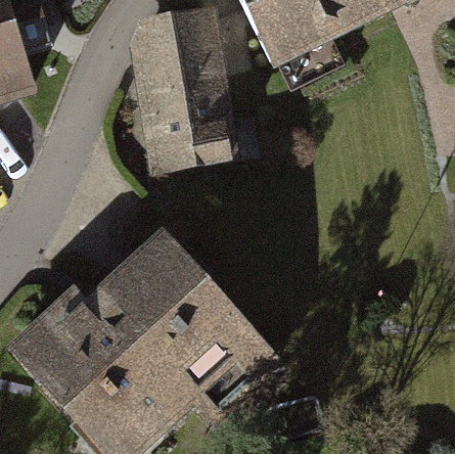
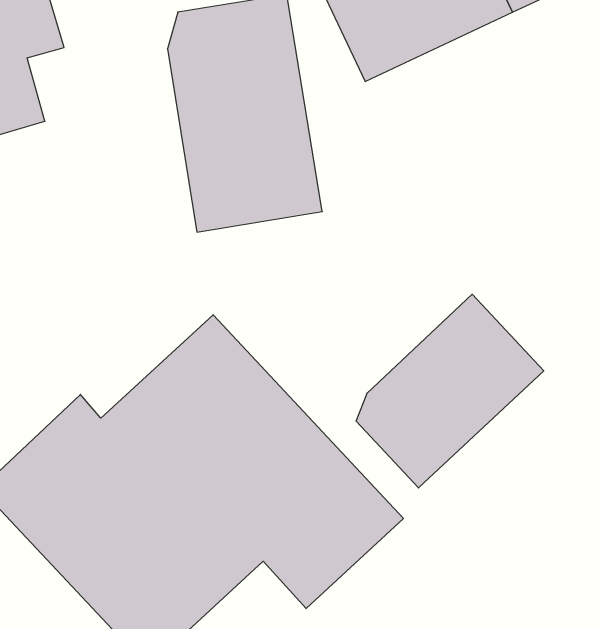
building: none -> [356,294,544,488]

